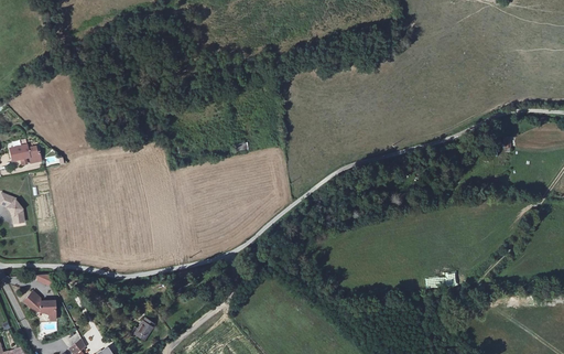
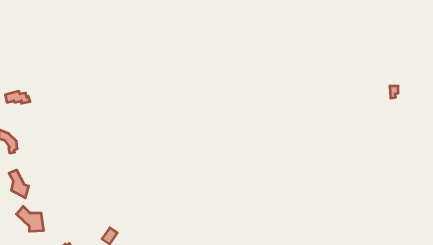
building: none -> [9,170,29,198]

